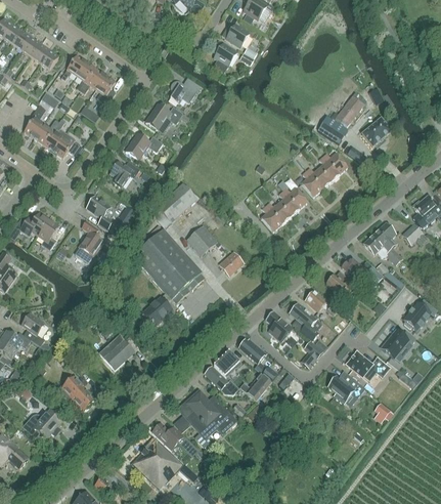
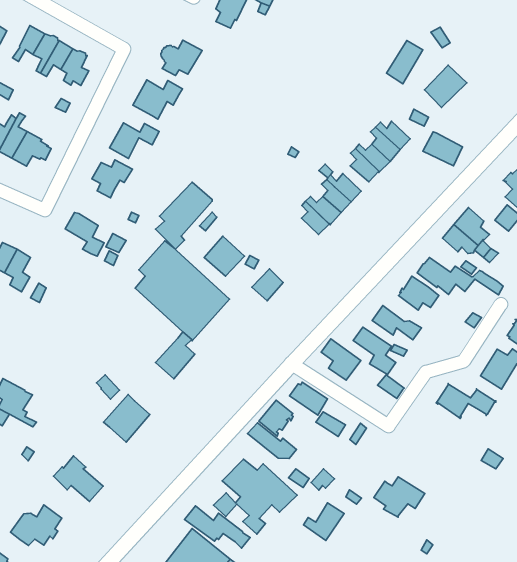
building: [317,116,347,142] -> [423,132,463,166]
building: [75,220,103,262] -> none
building: [240,372,271,400] -> [304,503,344,541]
building: [327,373,365,403] -> [374,477,425,517]

